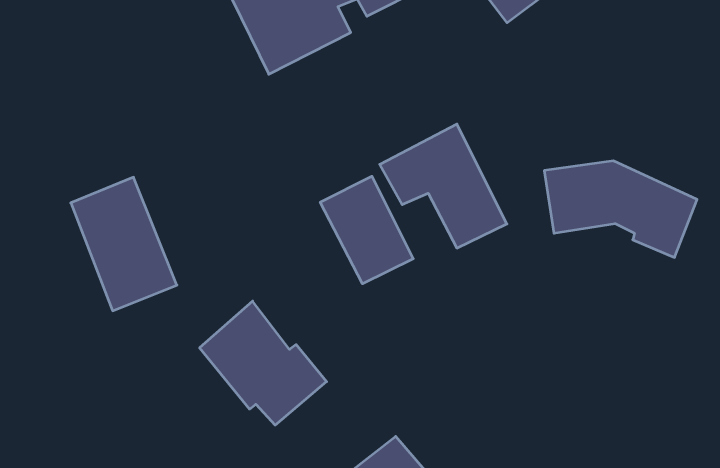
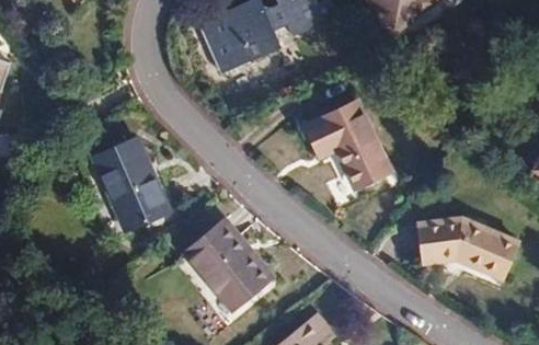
building: [544,161,697,257] -> [416,216,520,281]
building: [320,176,413,284] -> none

